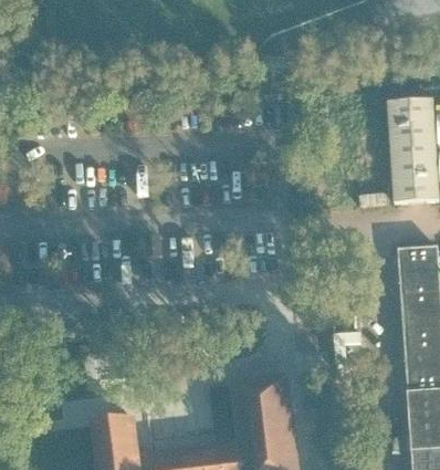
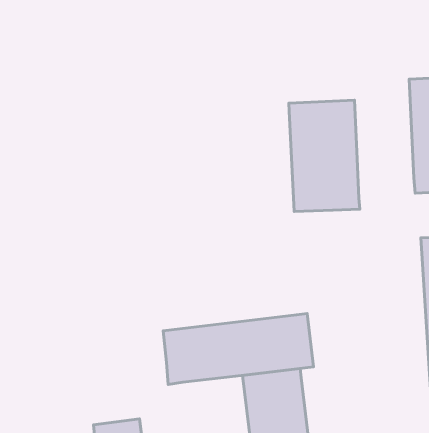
building: none -> [289,100,360,211]
building: none -> [163,313,314,384]

